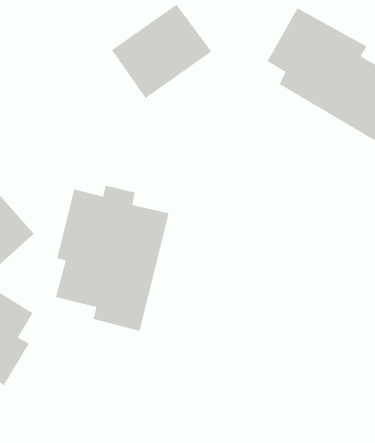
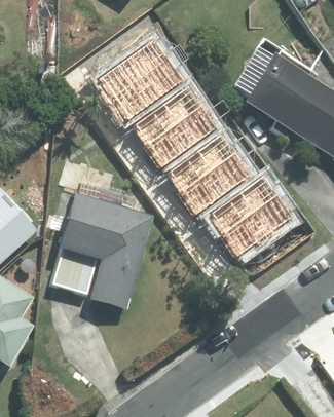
building: none -> [138,86,219,163]
building: none -> [170,134,253,212]
building: none -> [213,175,294,252]

